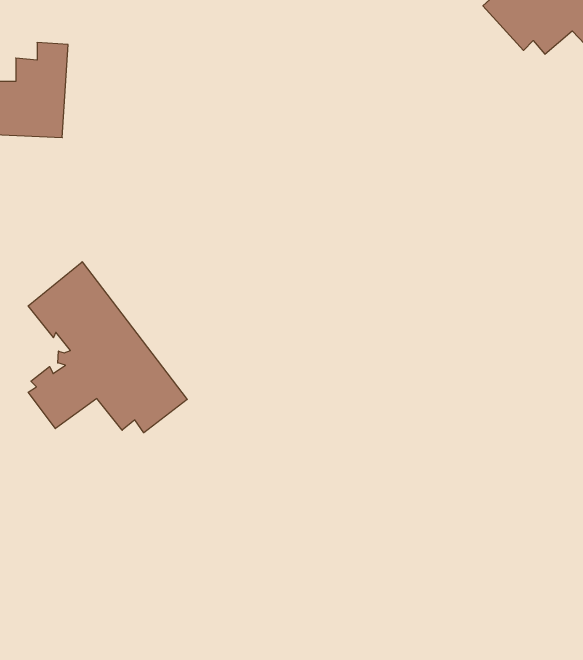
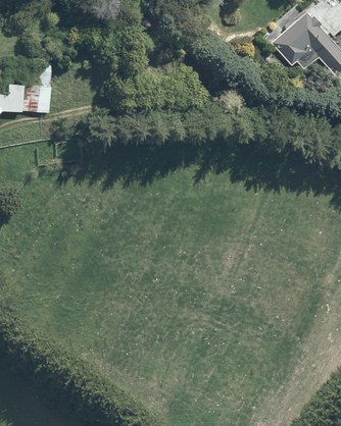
building: [28,262,187,433] -> none

